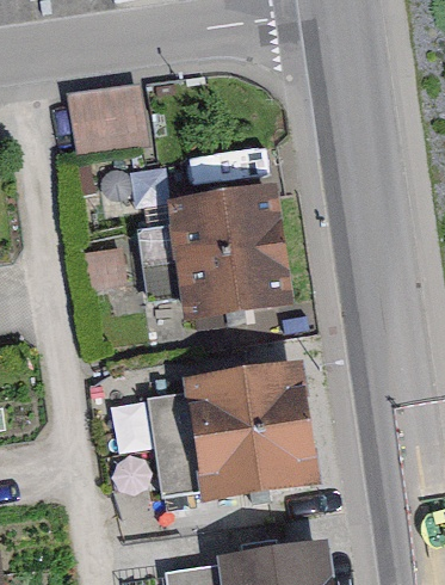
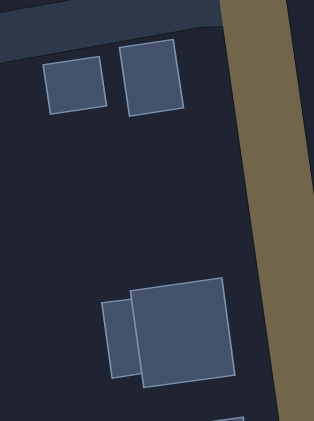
building: none -> [119,40,184,116]
building: [161,184,288,324] -> none

